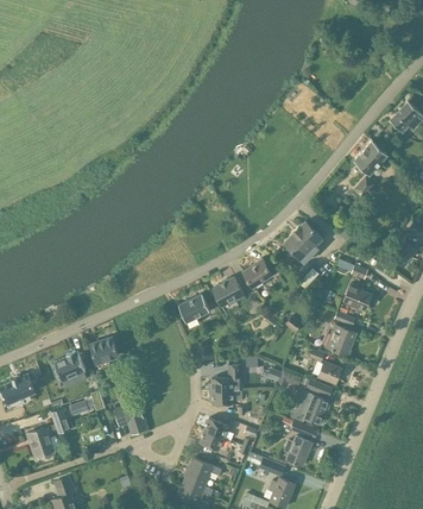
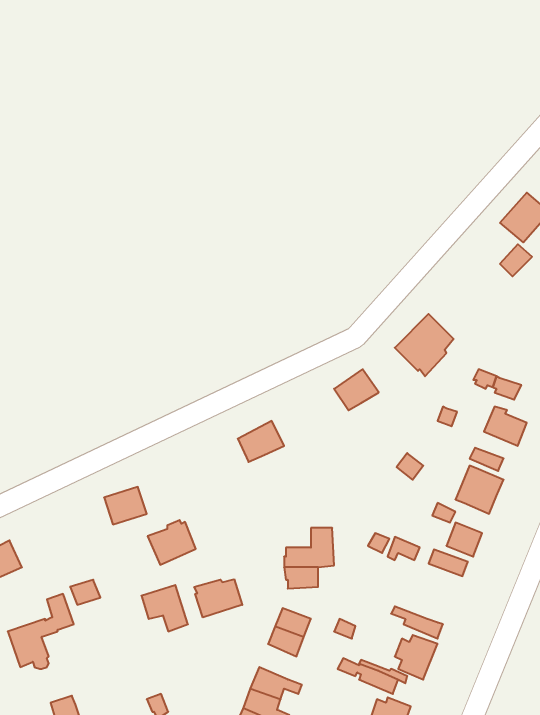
building: [213,277,245,307] -> none
building: [53,351,86,381] -> [148,520,196,565]
building: [293,391,330,425] -> none
building: none -> [194,579,242,617]

